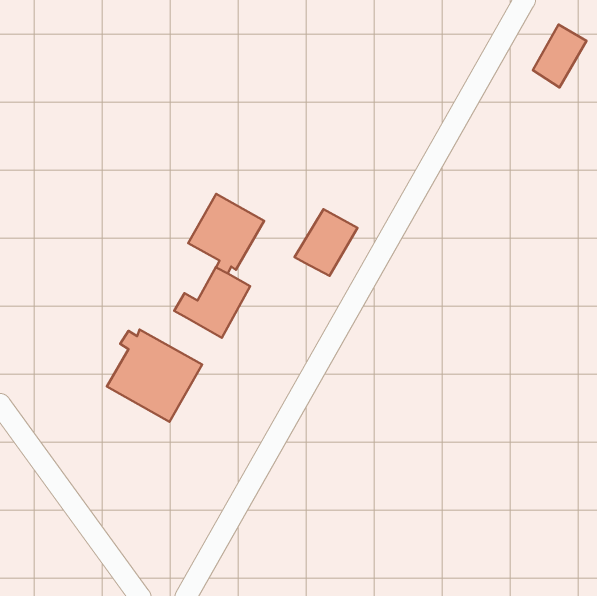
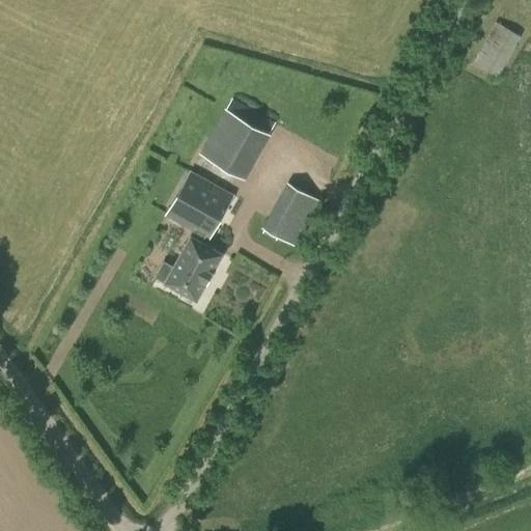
building: none -> [199,110,270,179]
building: [107,330,202,422] -> none

